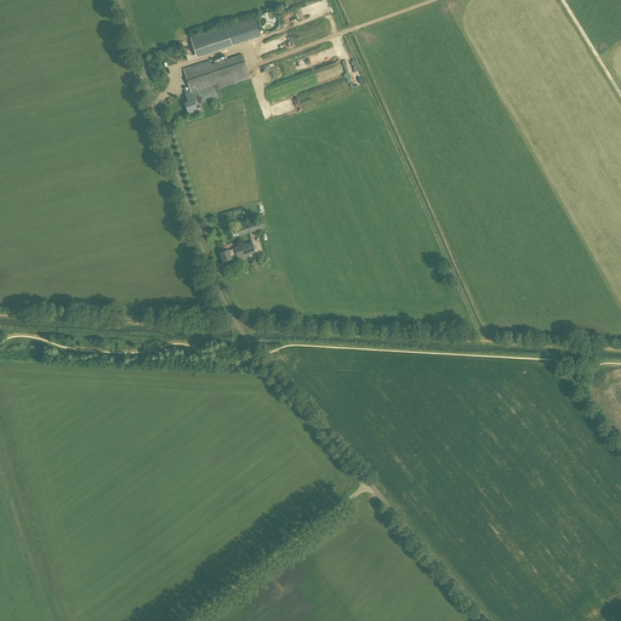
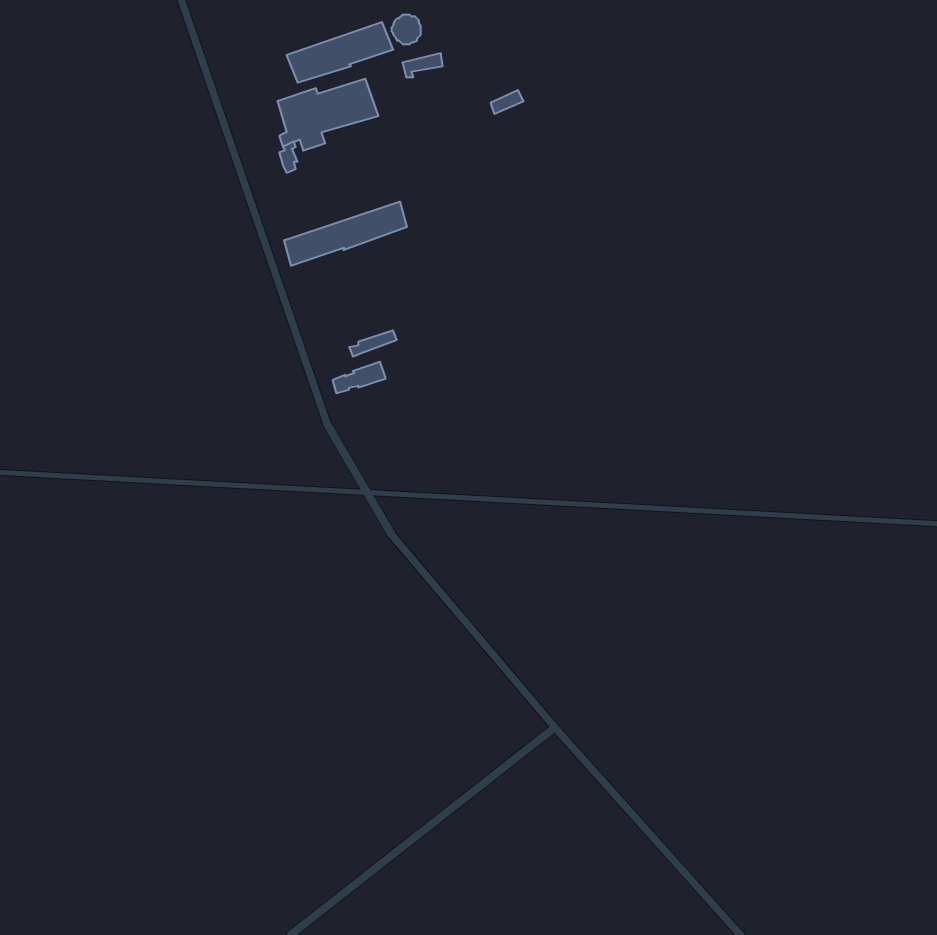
building: none -> [284,202,407,266]

